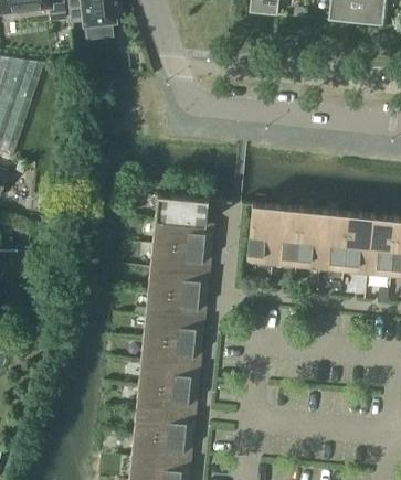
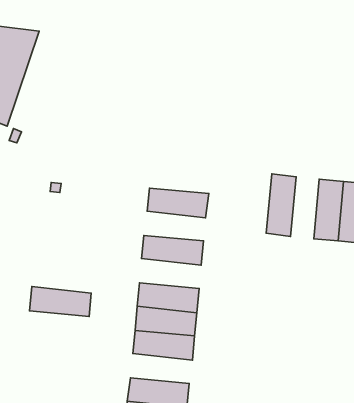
building: [155,194,214,225] -> none
building: [246,203,277,265] -> none
building: [296,209,325,270] -> none
building: [149,243,211,273] -> none
building: [145,290,207,320] -> [30,287,91,316]
building: [136,385,198,415] -> none

